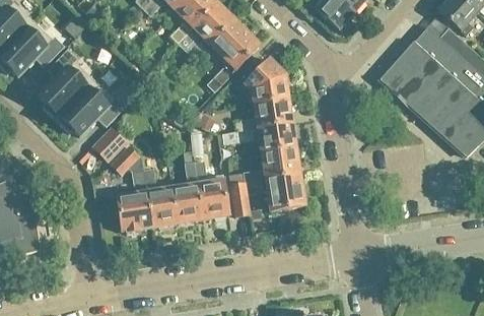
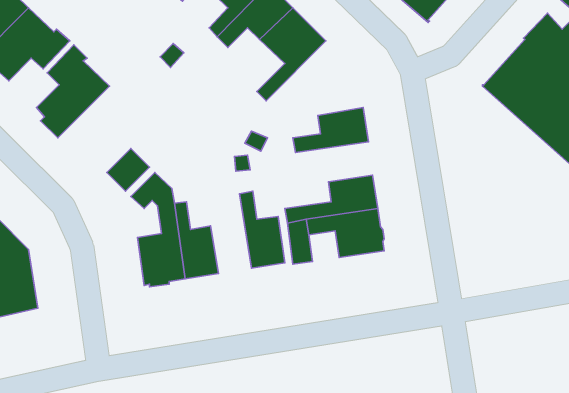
building: [246,58,289,102] -> none
building: [56,79,127,135] -> none
building: [222,122,296,152] -> none
building: [172,162,204,223] -> none

